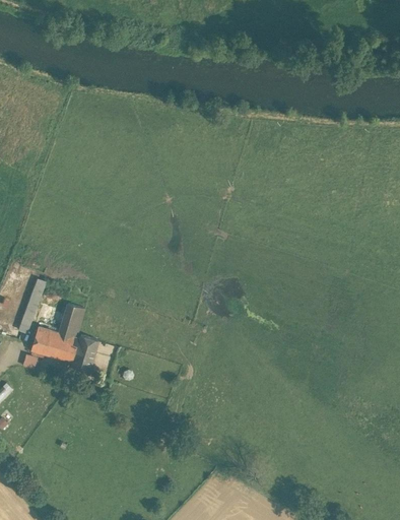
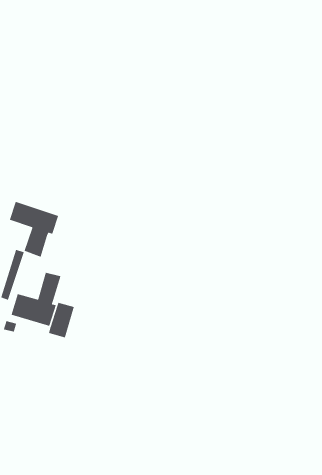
building: none -> [9,201,59,258]

